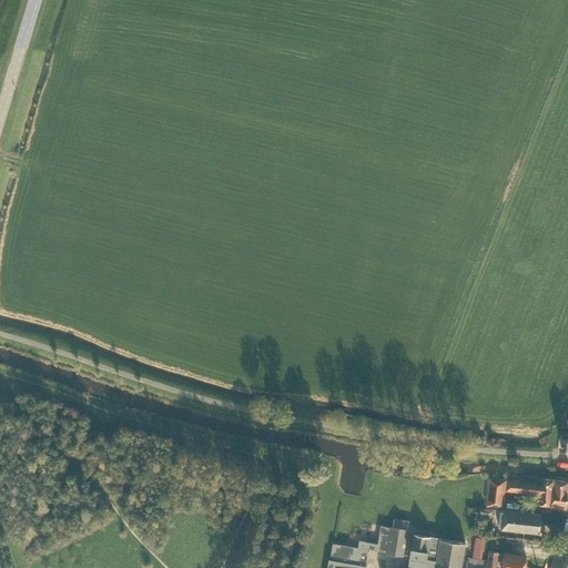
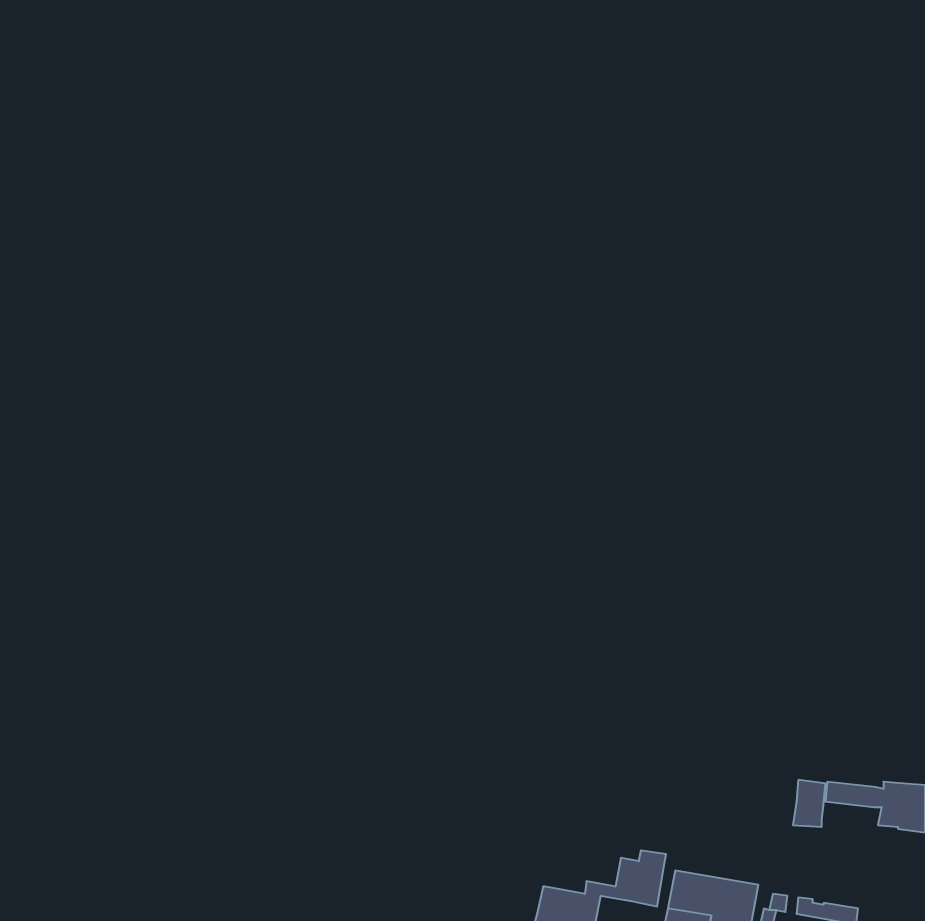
building: [499,511,541,535] -> none

